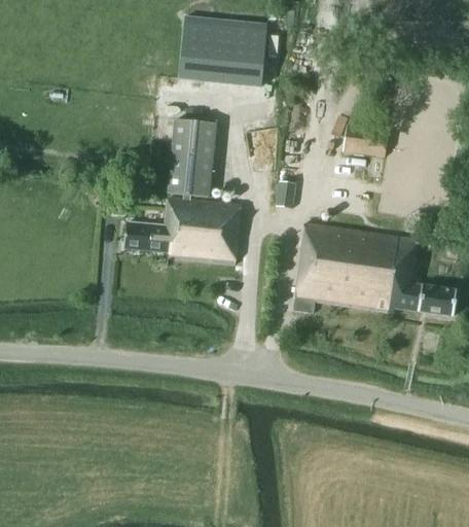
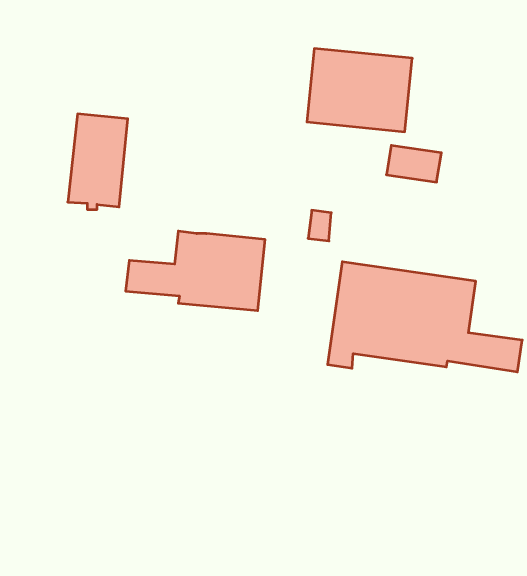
building: [179,15,267,85] -> [307,49,412,132]
building: [167,118,217,199] -> [68,114,128,209]

